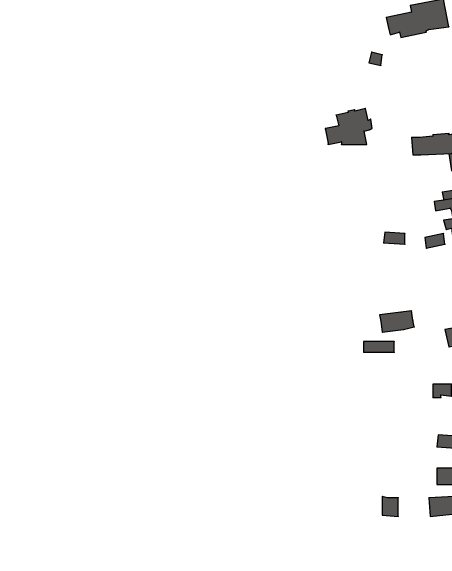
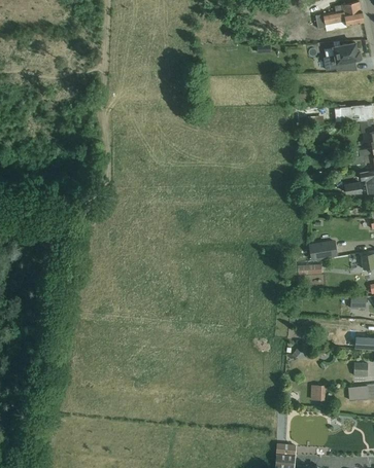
building: [325,108,372,144] -> [325,42,361,70]

